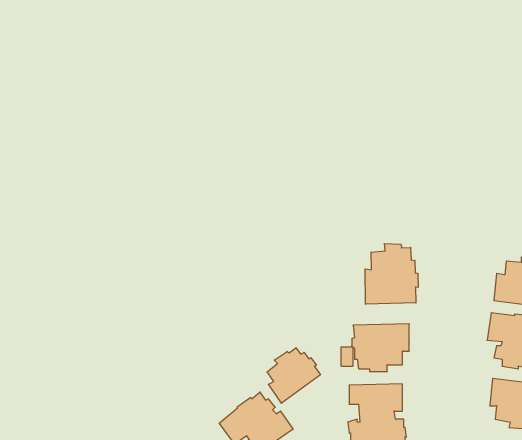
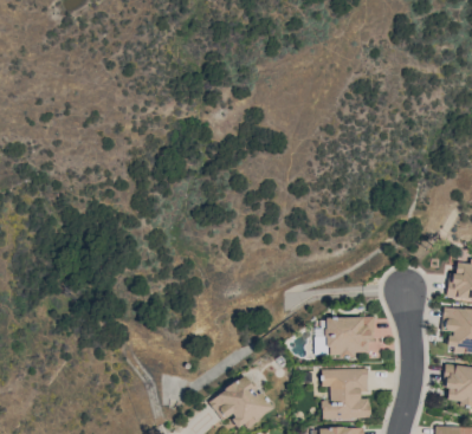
building: [365,244,418,304] -> none
building: [267,348,320,403] -> none

